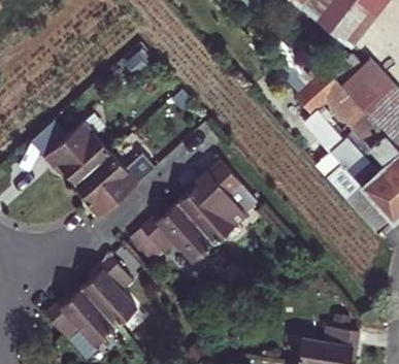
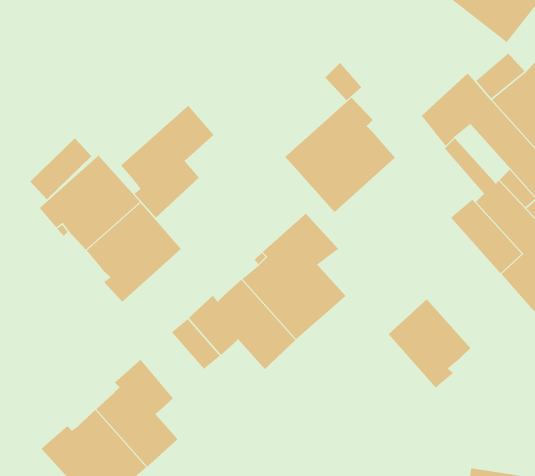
building: none -> [285,97,396,213]
building: none -> [120,105,215,219]
building: none -> [388,299,471,389]

